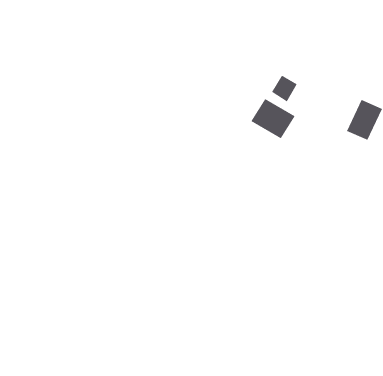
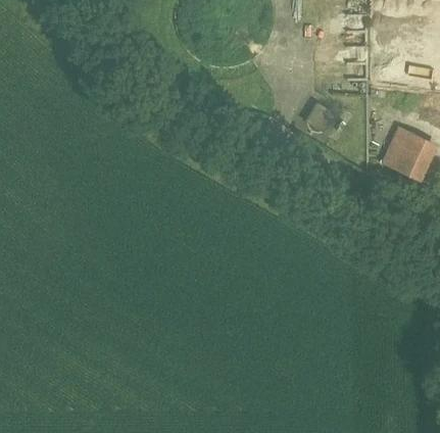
building: [251,98,296,139] -> none

